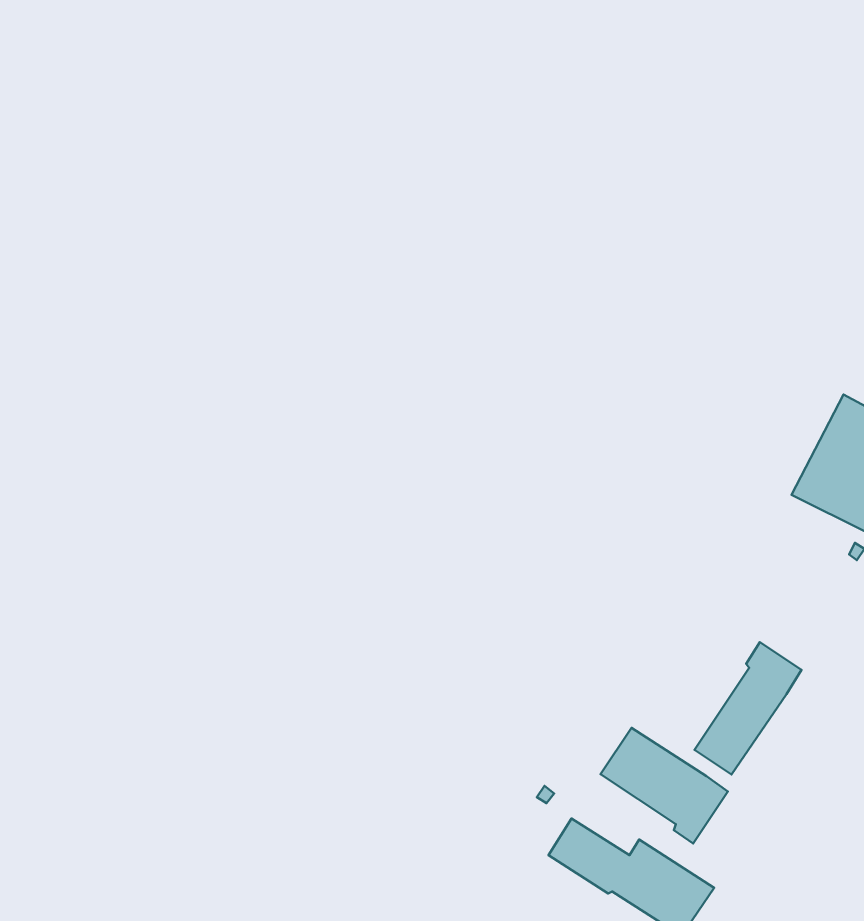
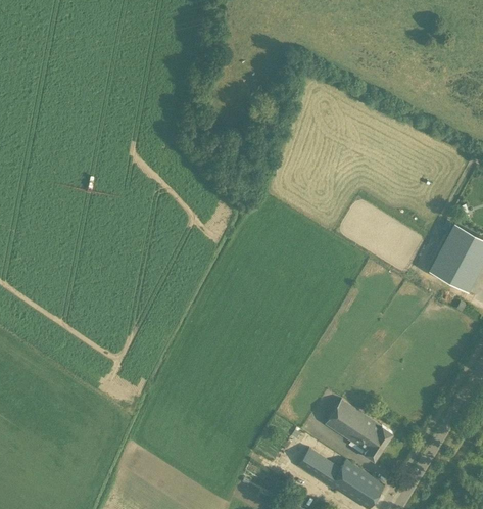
building: [694,642,802,774] -> none

